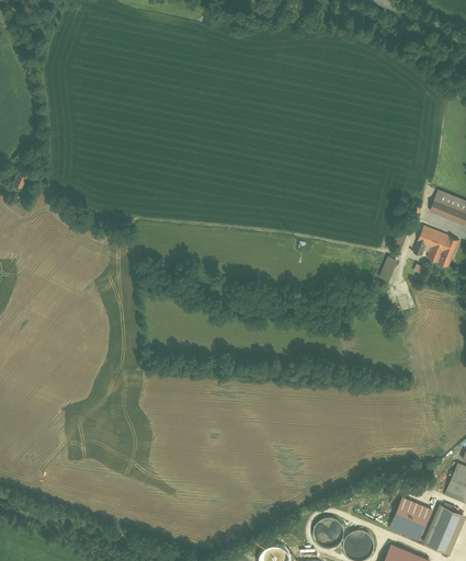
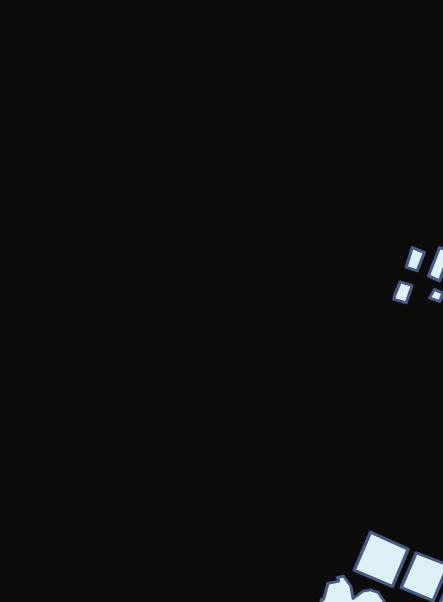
building: none -> [354,532,408,586]

